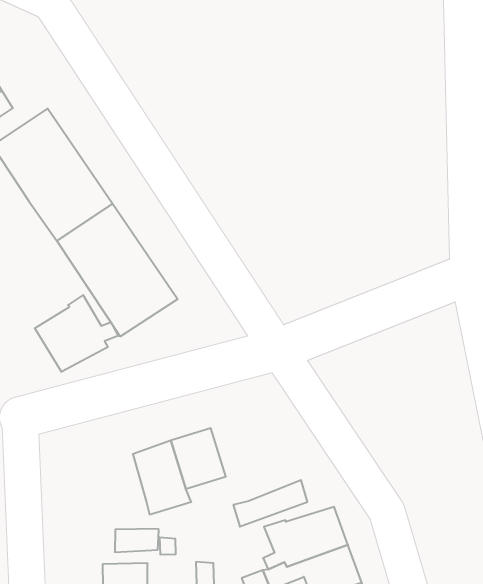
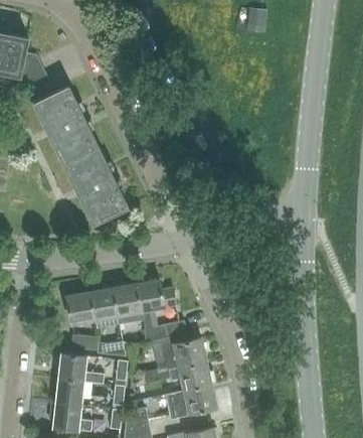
building: [35,295,118,372] -> none
building: none -> [136,279,174,329]
building: none -> [65,292,93,324]

